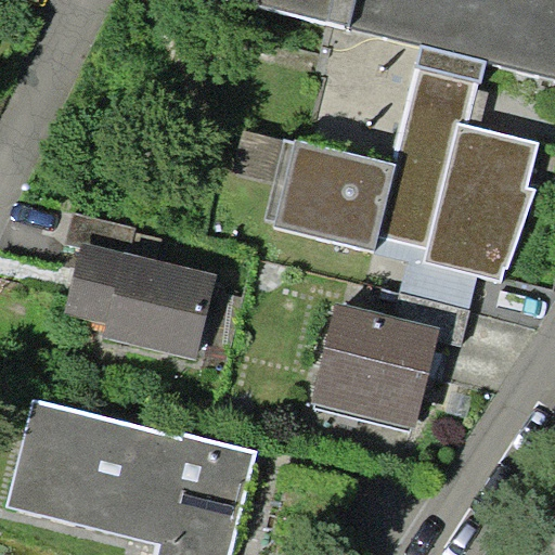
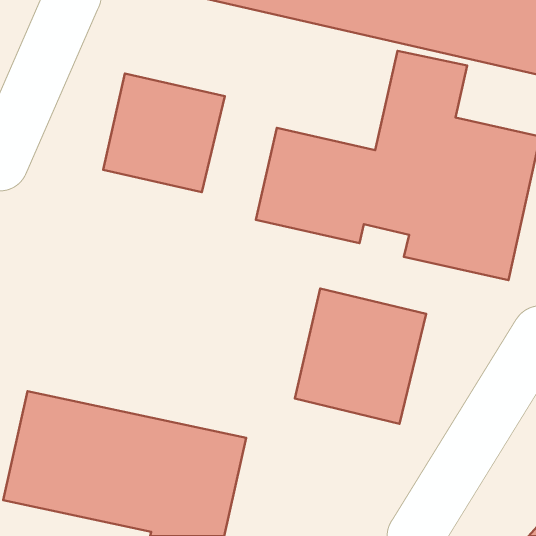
building: none -> [103,74,225,192]
building: [61,241,209,357] -> none

